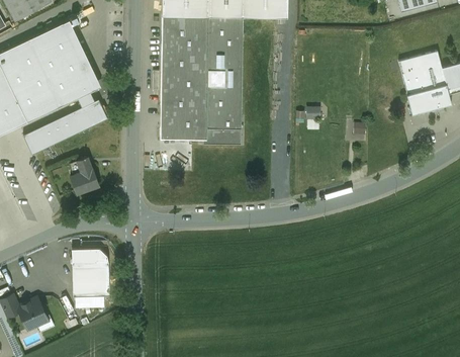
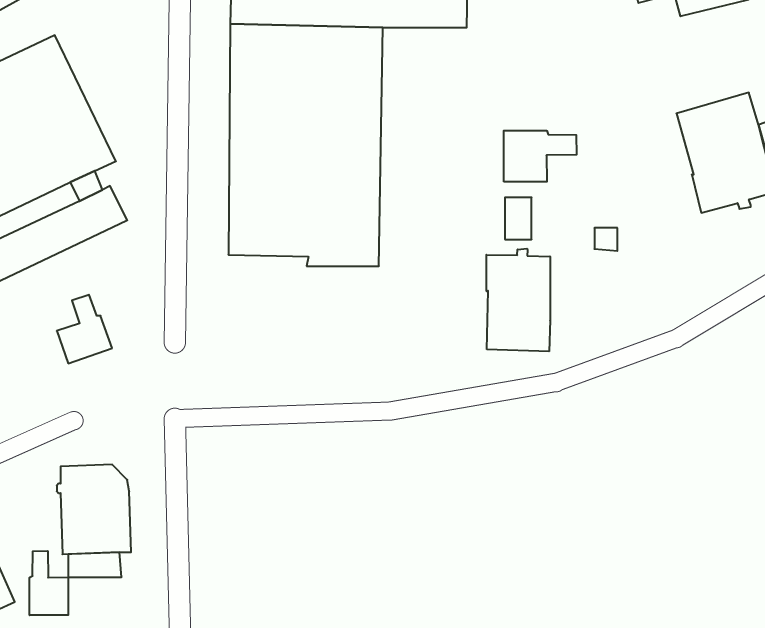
building: none -> [504,131,577,182]
building: none -> [486,249,550,351]
building: none -> [30,551,68,615]

